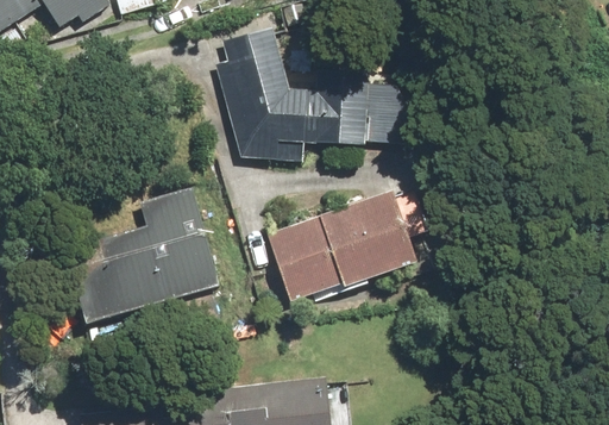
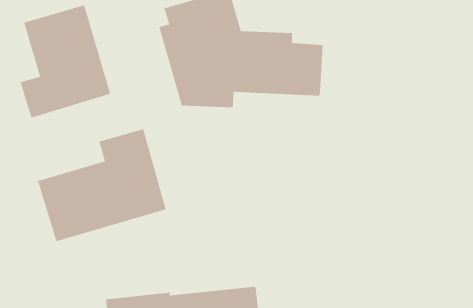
building: none -> [20,5,111,118]
building: [264,183,446,307] -> none

